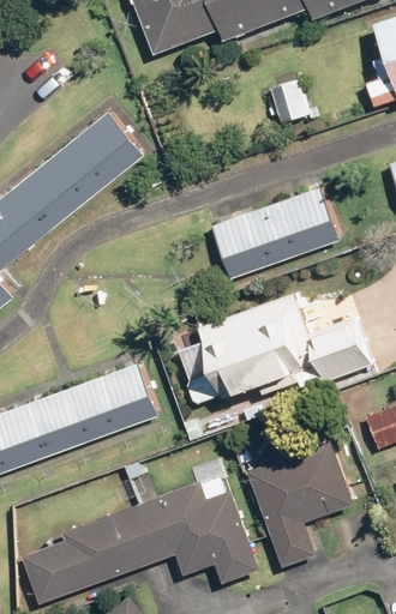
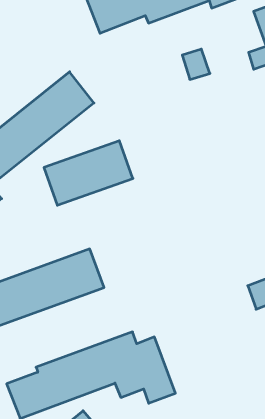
building: [210,189,337,282] -> [44,141,133,205]
building: [197,294,371,397] -> none
building: [245,440,353,567] -> none

